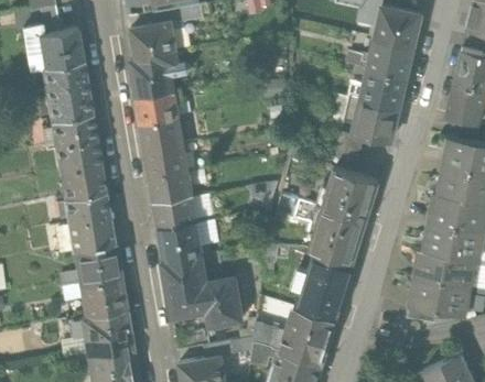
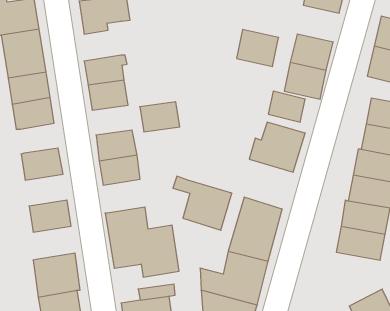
building: [368,35,414,76] -> [237,29,279,66]
building: [129,53,176,97] -> none
building: [142,145,186,178] -> [140,102,180,132]
building: [63,165,105,198] -> none
building: [299,200,364,260] -> [173,176,232,230]
building: [68,221,115,257] -> none
building: [154,227,201,264] -> none
building: [77,279,123,315] -> none

